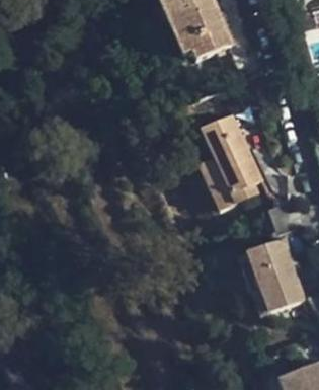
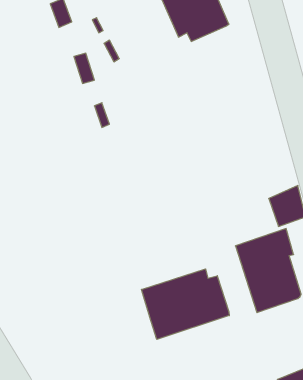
building: [200,114,263,212] -> none
building: none -> [142,269,229,339]

